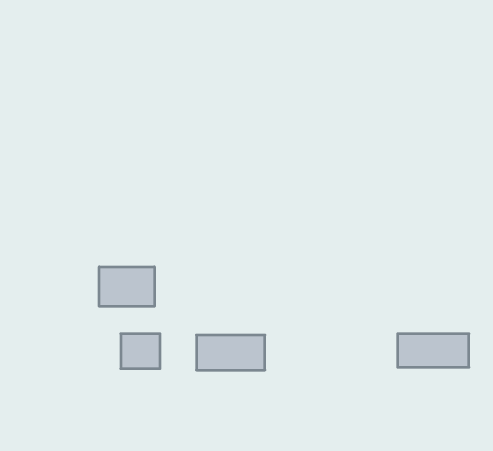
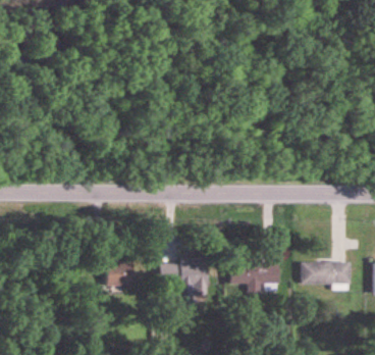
building: [99,267,154,306] -> none
building: none -> [231,262,279,297]

